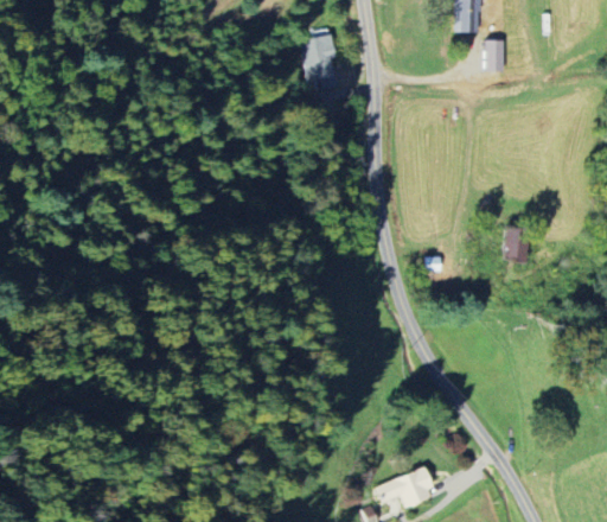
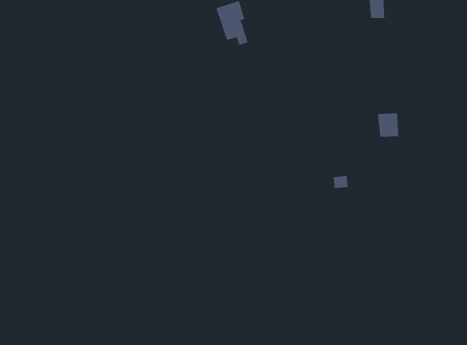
building: [501,233,526,262] -> [377,113,399,137]

